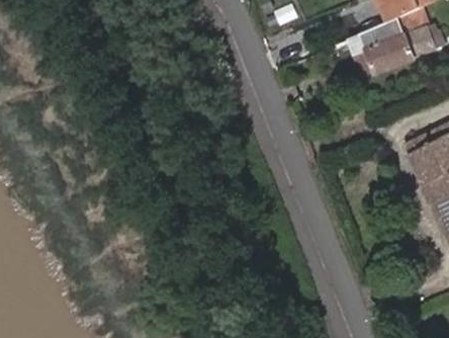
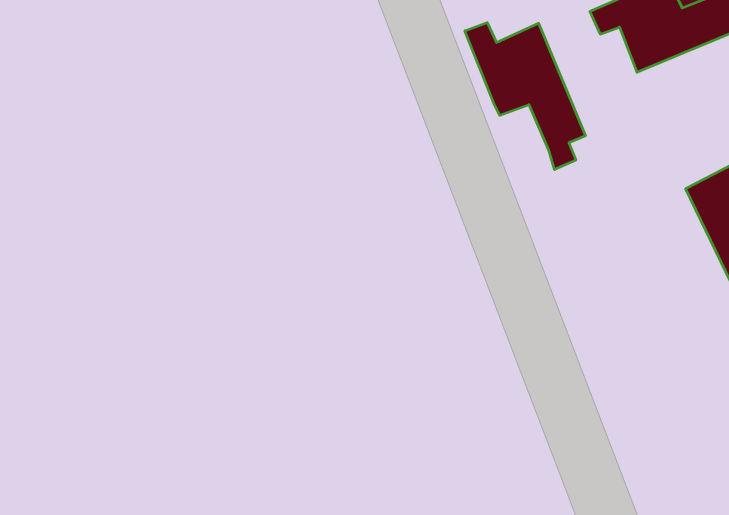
building: none -> [465,23,585,170]

